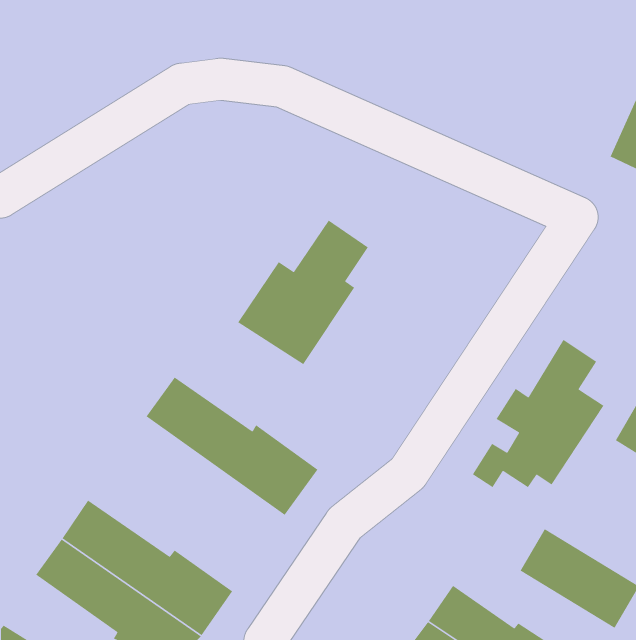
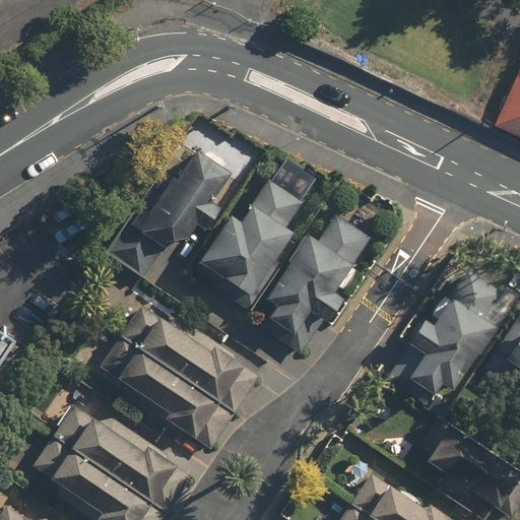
building: none -> [107,148,229,278]
building: none -> [265,212,371,353]
building: none -> [102,338,235,452]

